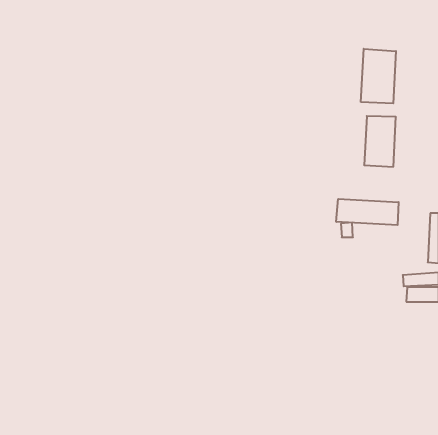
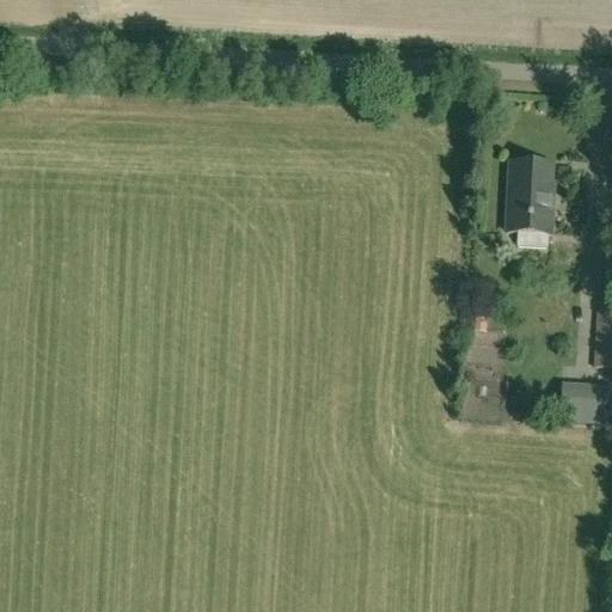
building: [361,49,396,103] -> none
building: [336,199,399,225] -> none

